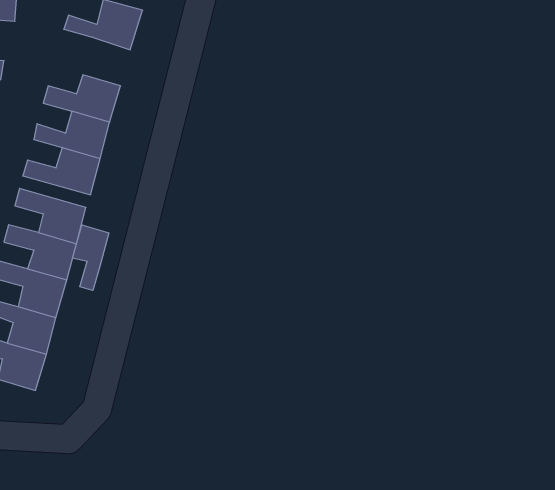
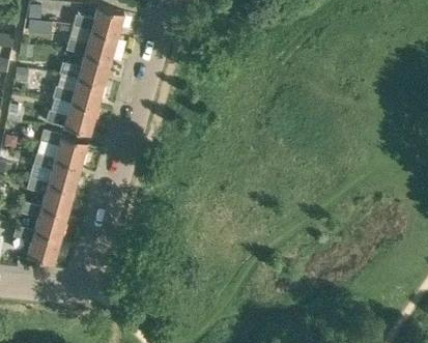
building: none -> [65,32,115,64]
building: [73,225,109,290] -> none

